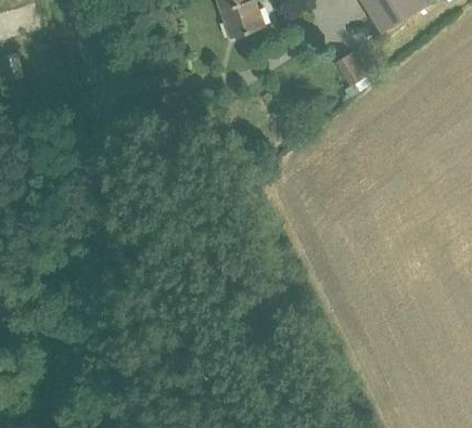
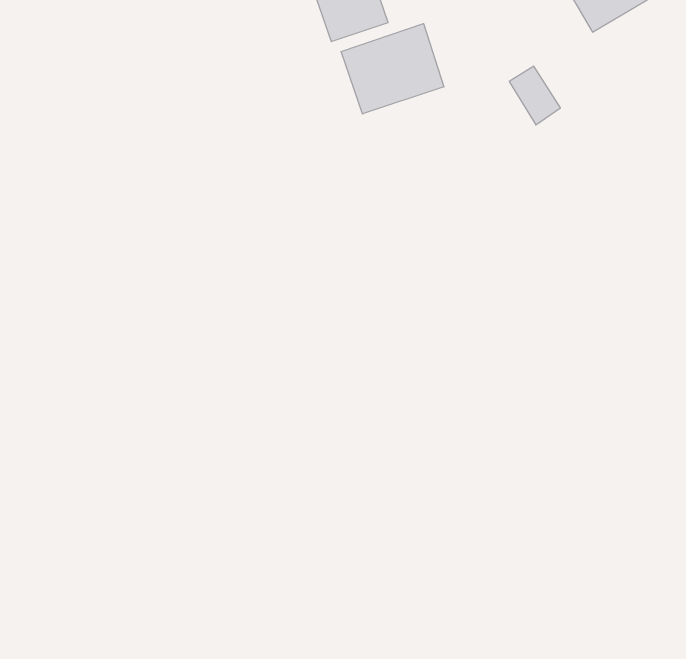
building: none -> [341,24,444,114]

